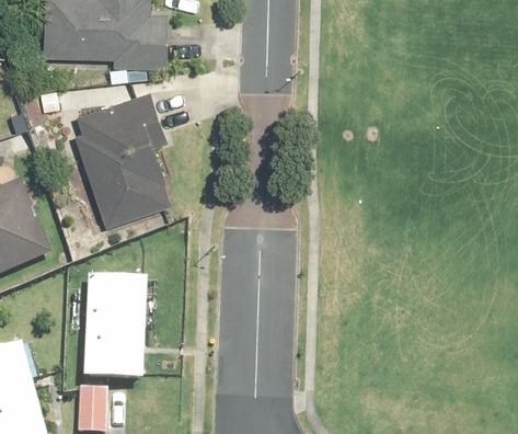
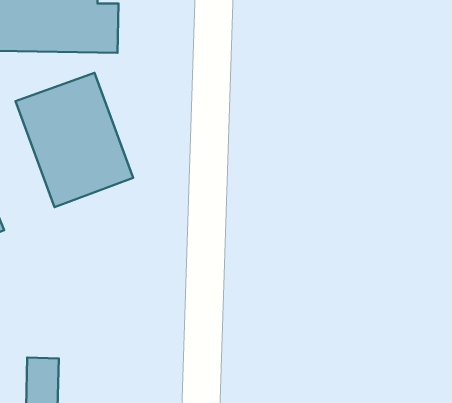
building: [77,270,146,379] -> none

